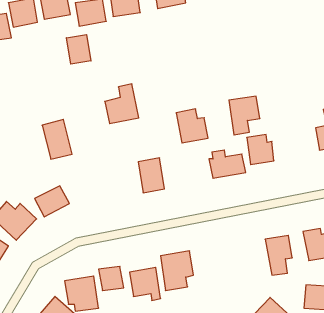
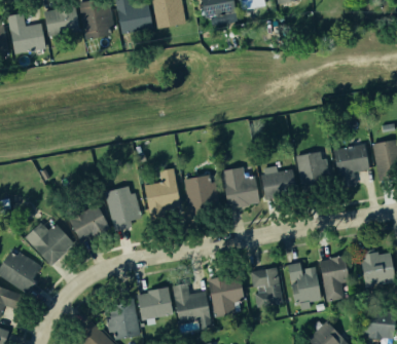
building: [66,35,91,64] -> none
building: [105,84,139,124] -> [143,169,179,212]
building: [229,96,260,135] -> [333,145,366,186]
building: [176,109,208,143] -> [220,169,254,205]
building: [42,119,72,159] -> [108,187,140,229]
building: none -> [285,263,318,303]
building: none -> [250,268,280,306]

